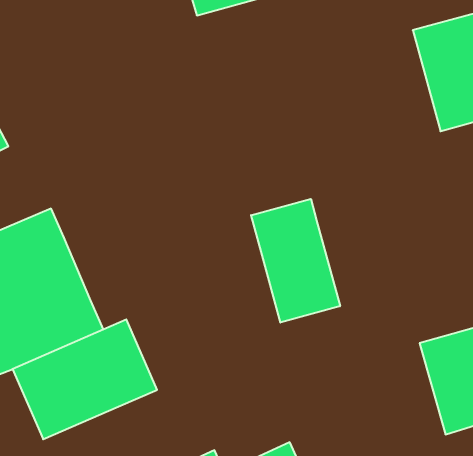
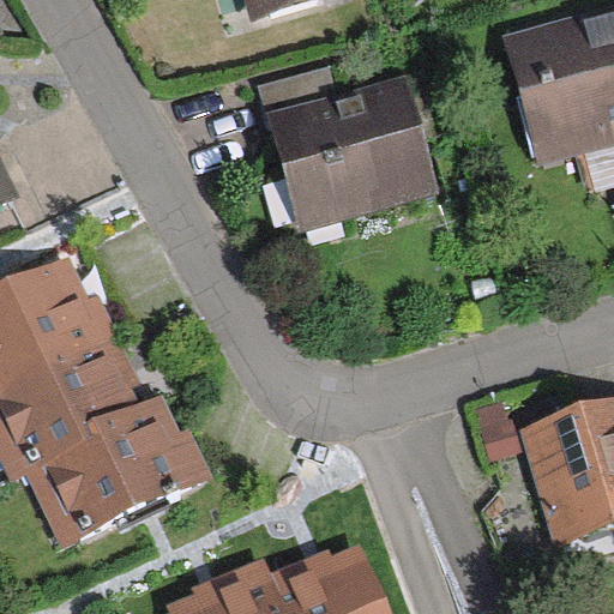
building: none -> [273,92,443,236]
building: [251,199,340,323] -> none

